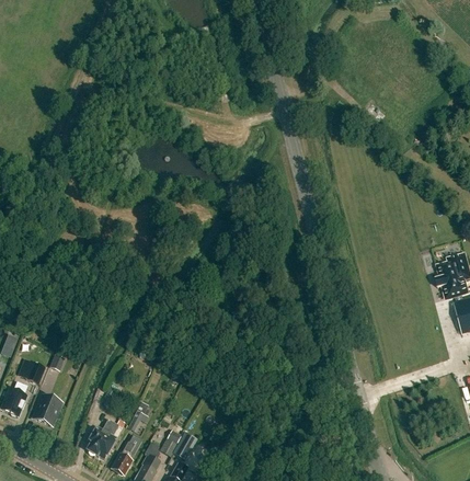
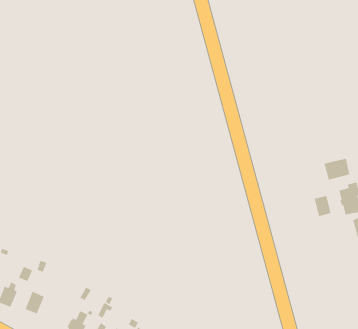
building: none -> [323,158,350,181]
building: none -> [314,195,332,217]

